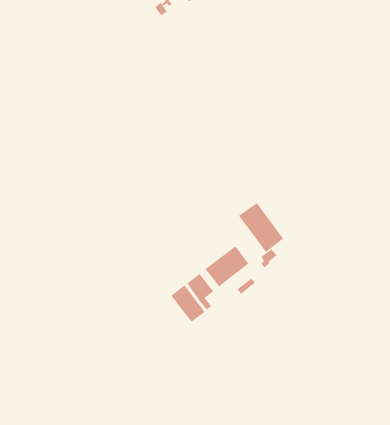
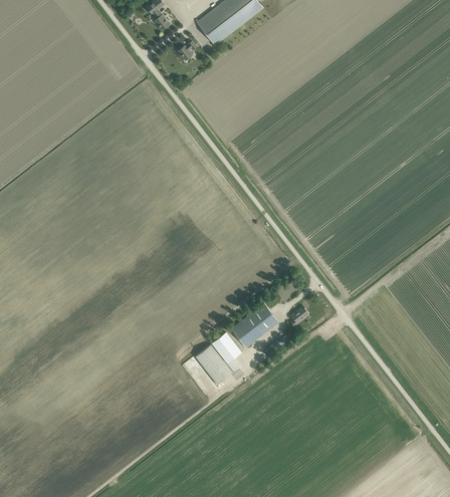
building: [238,202,284,253] -> none

